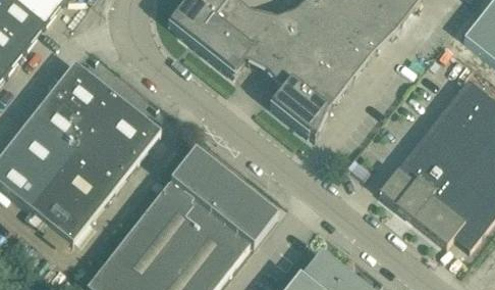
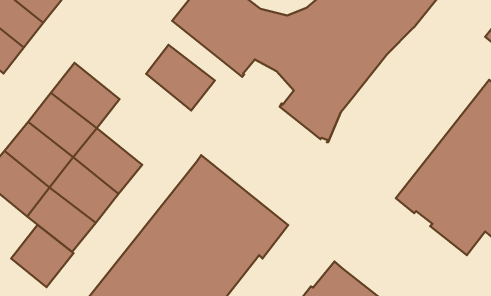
building: [96,95,161,157] -> [146,45,215,111]
building: none -> [11,225,74,287]

